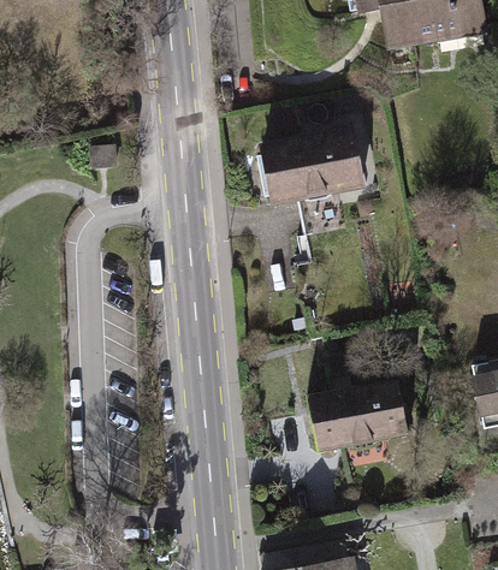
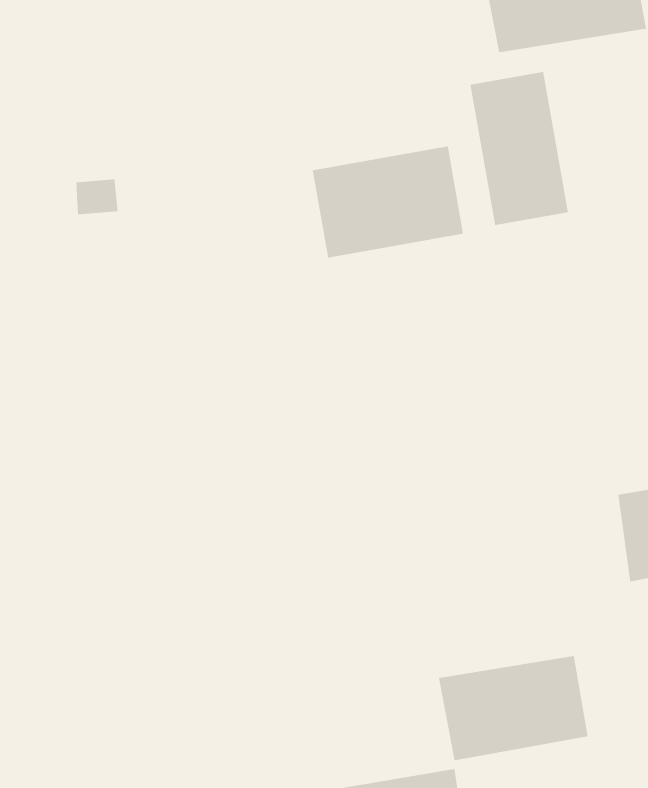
building: none -> [470,71,569,226]
building: [303,375,408,449] -> [438,656,588,761]

